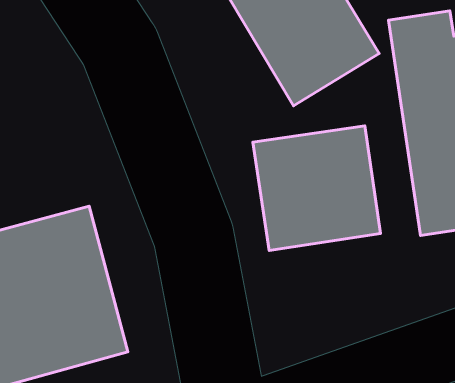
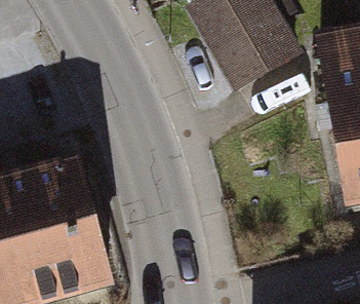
building: [253,126,380,250] -> none

